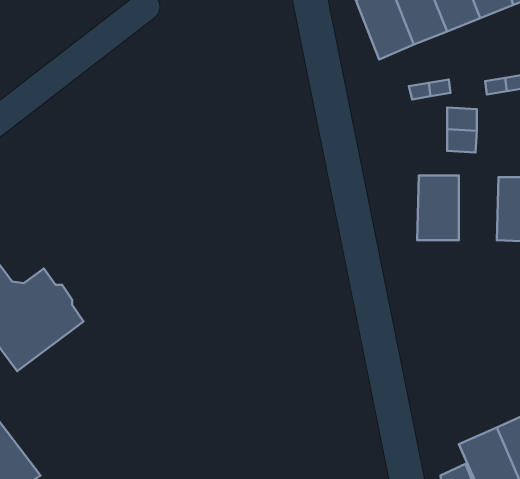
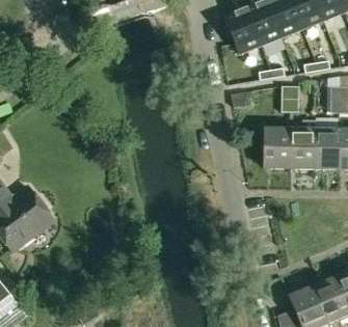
building: none -> [289,128,314,168]

